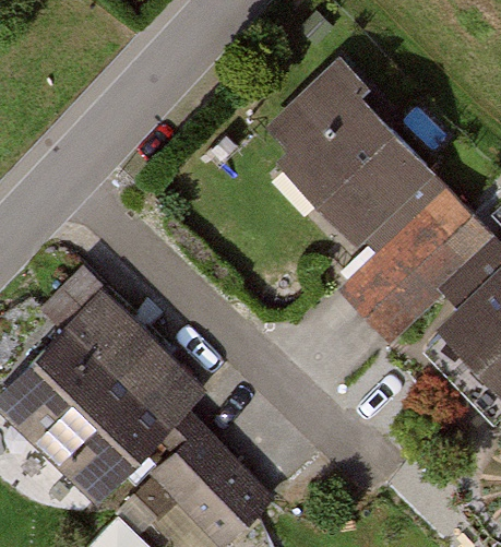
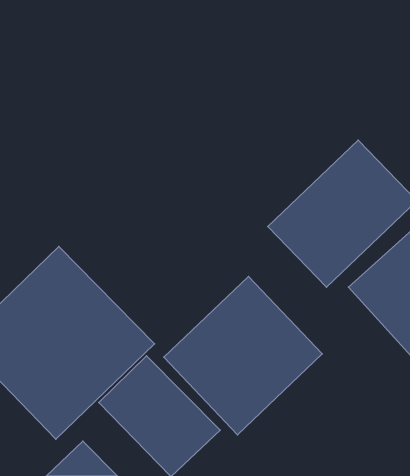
building: [263,81,428,246] -> none
building: none -> [164,276,322,435]

